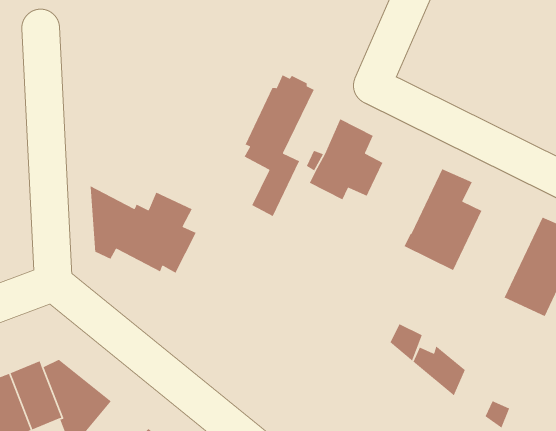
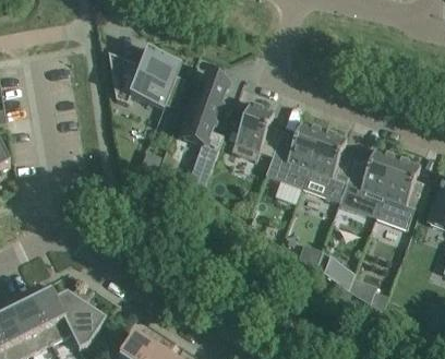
building: none -> [266,121,324,188]
building: [90,185,197,274] -> [108,51,187,108]
building: none -> [338,148,398,217]

